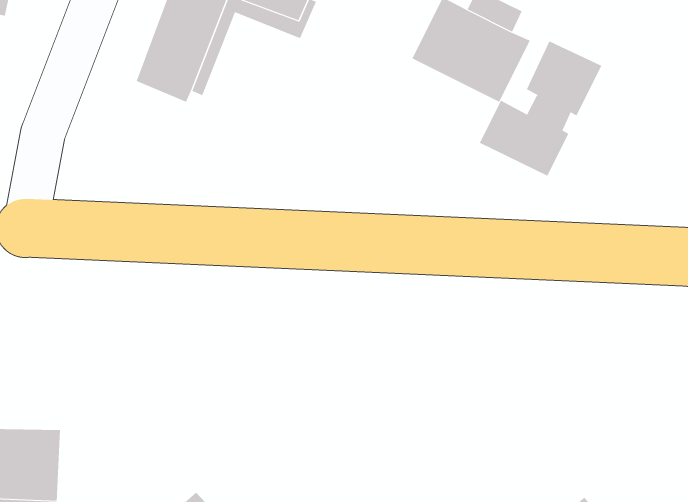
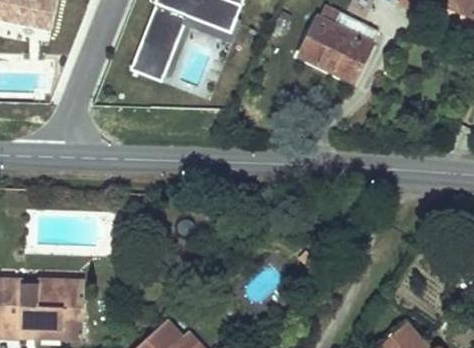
building: [479,40,602,177] -> none

